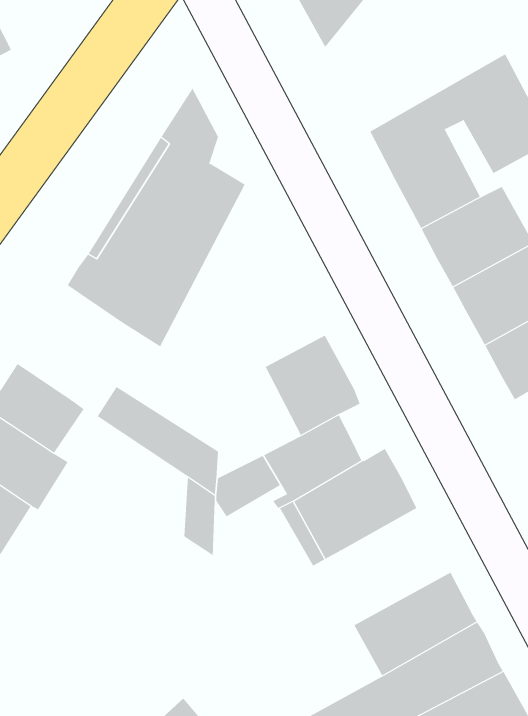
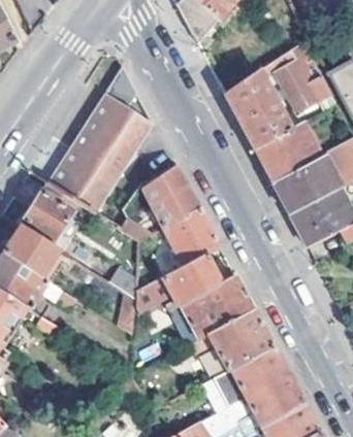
building: none -> [148,162,198,227]
building: none -> [19,179,79,246]
building: none -> [207,309,271,379]

